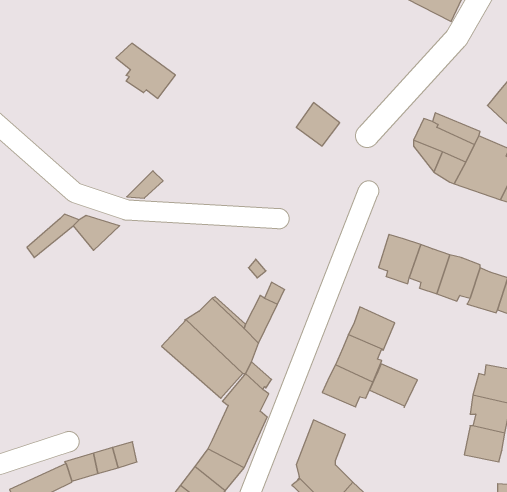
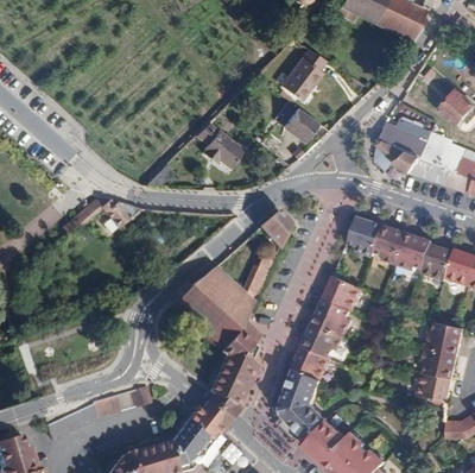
building: none -> [279,48,323,101]
building: [116,43,175,98] -> [194,122,242,168]
building: none -> [260,210,290,248]
building: [370,364,417,407] -> [293,345,332,380]

